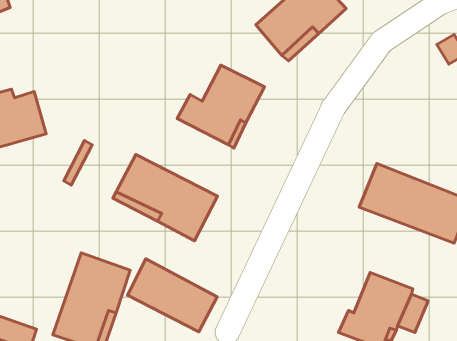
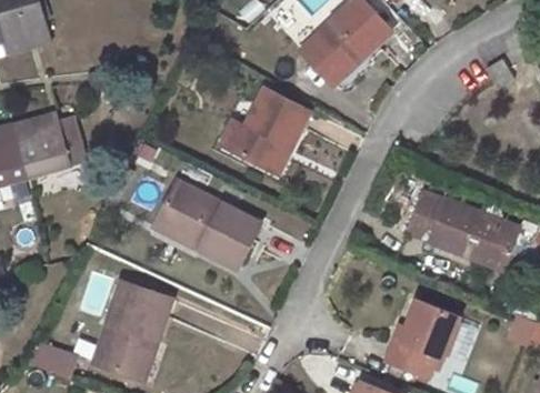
building: [127,259,217,332] -> none

